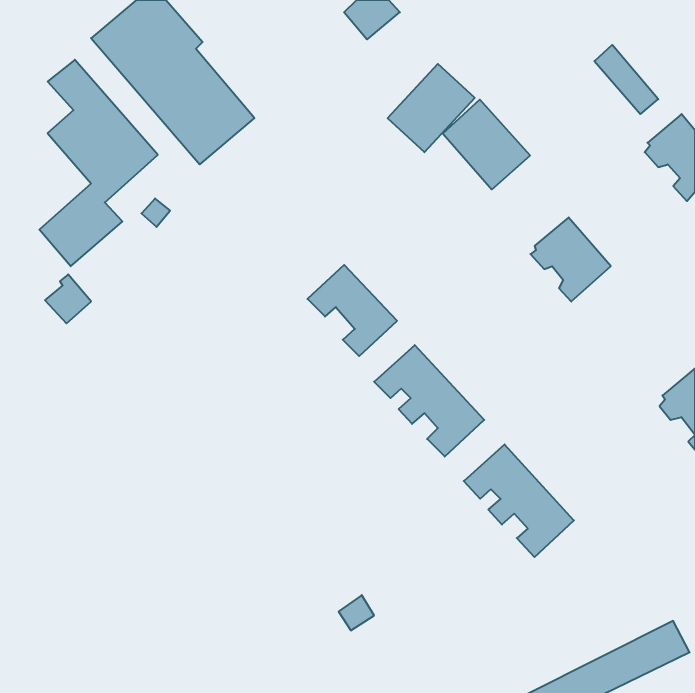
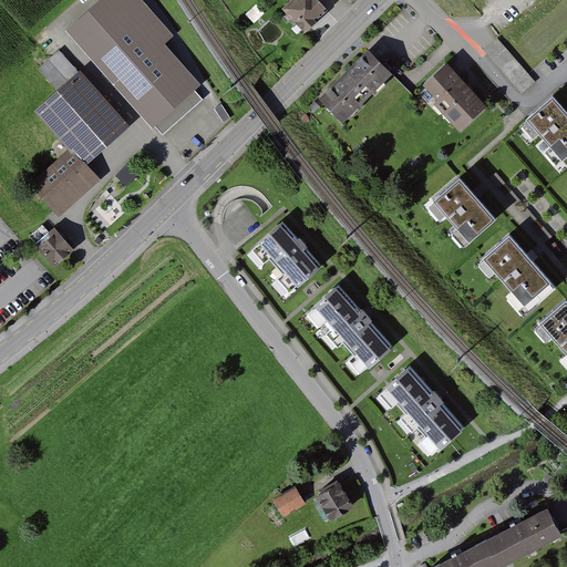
building: [443,100,530,189] -> [419,61,489,134]
building: none -> [480,235,557,318]
building: none -> [316,485,352,522]

